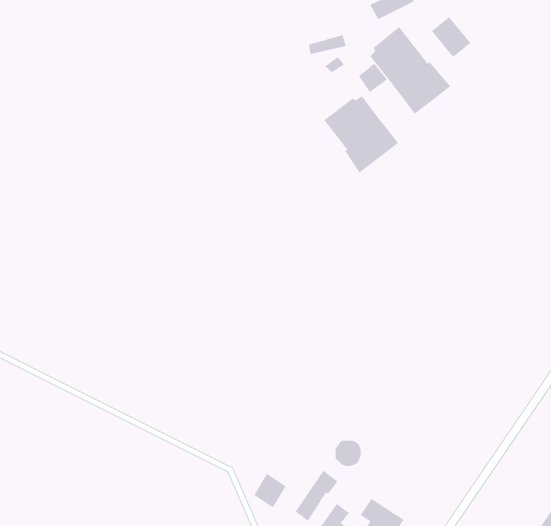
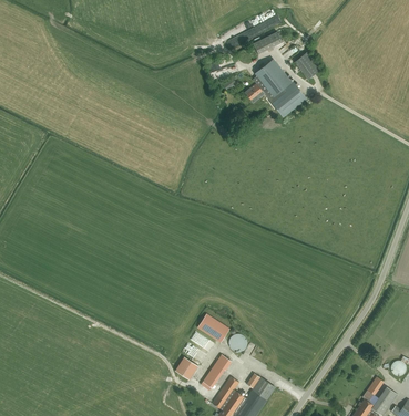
building: [323,95,399,174] -> none
building: none -> [197,314,229,343]

